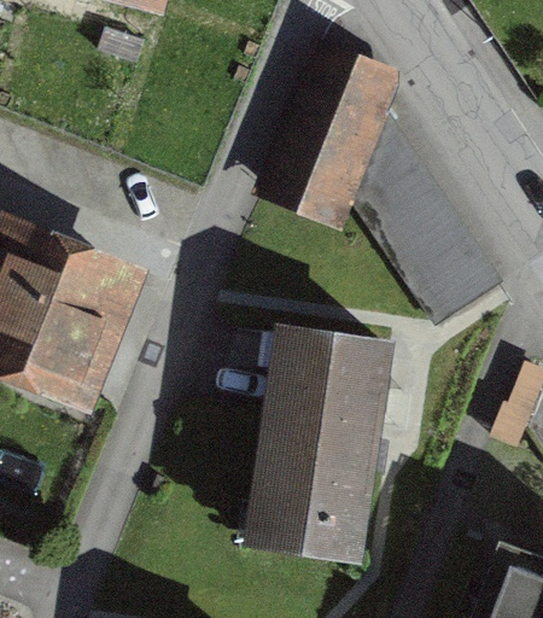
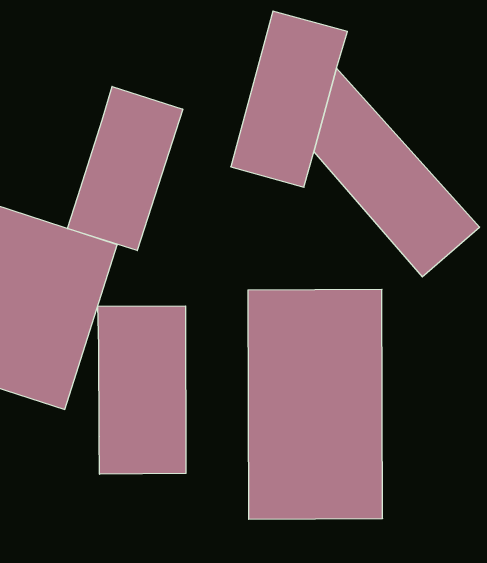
building: none -> [67,86,183,251]
building: none -> [98,306,186,474]

